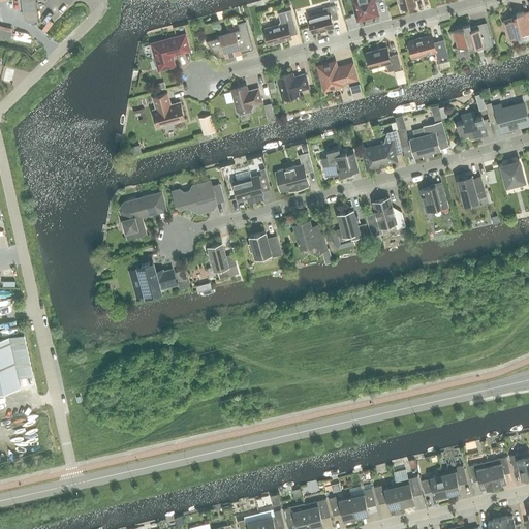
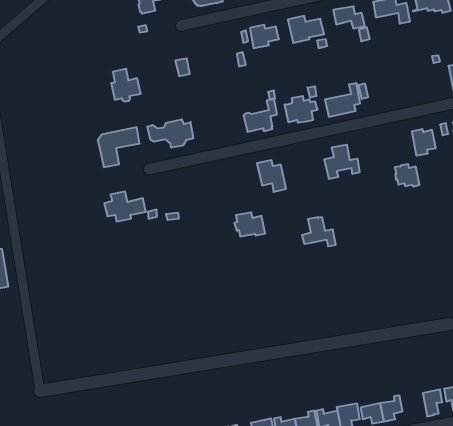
building: [231,87,262,112] -> none
building: [152,94,185,129] -> [111,69,141,101]
building: [457,114,487,136] -> none
building: [410,123,445,157] -> none
building: [234,170,271,200] -> none
building: [421,186,448,210] -> [395,164,419,186]
building: [333,212,370,243] -> [302,217,336,246]
building: [248,232,282,259] -> [234,212,265,237]
building: [209,244,238,276] -> none
building: [469,462,494,489] -> none

